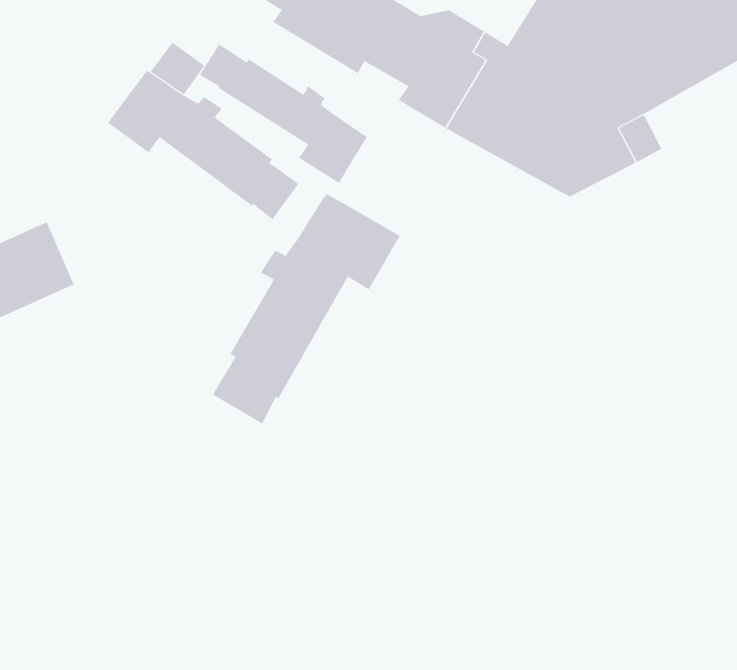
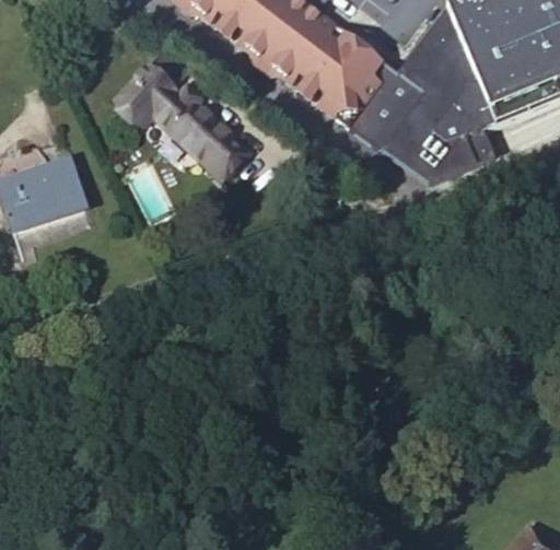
building: [199,44,367,184] -> none
building: [212,194,400,424] -> none

